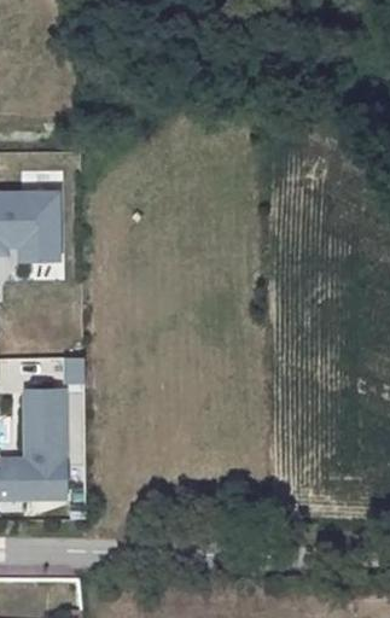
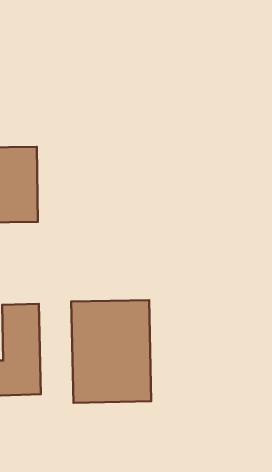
building: none -> [71,300,151,403]

